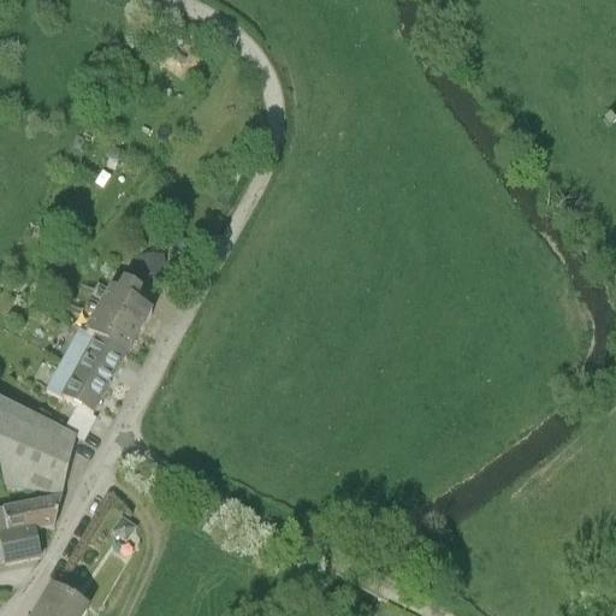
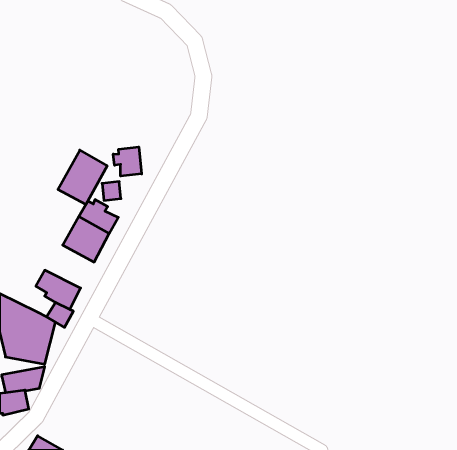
building: none -> [113,147,142,176]
building: none -> [58,150,107,204]
building: [60,328,126,387] -> none

